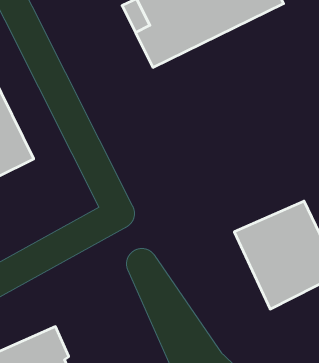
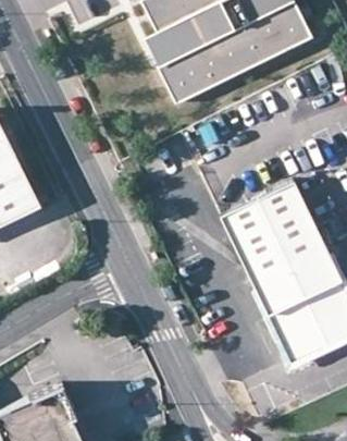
building: none -> [220,182,327,284]

